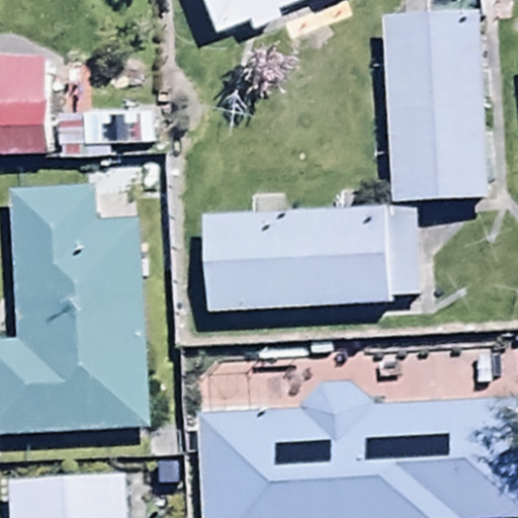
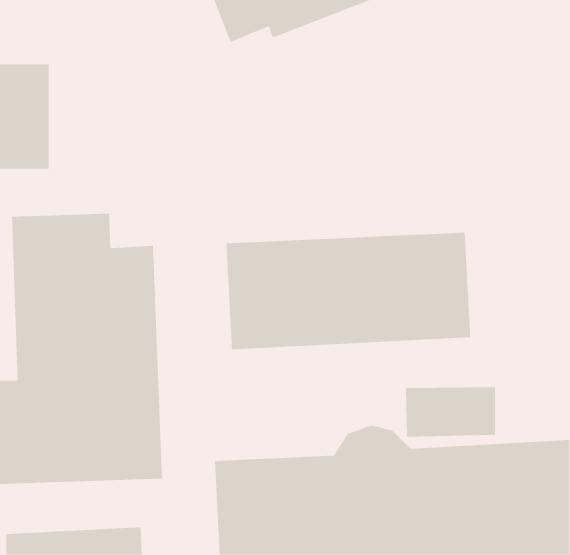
building: [384,21,485,204] -> none

